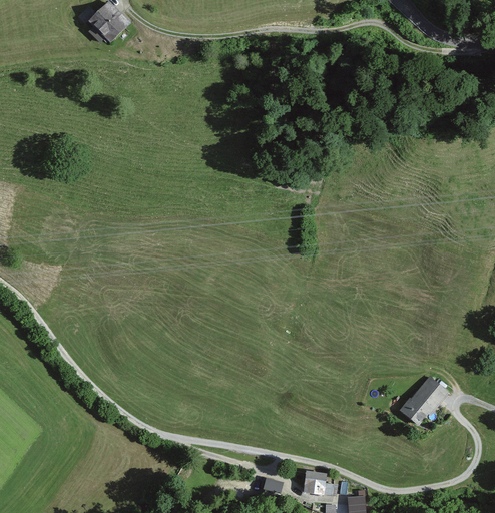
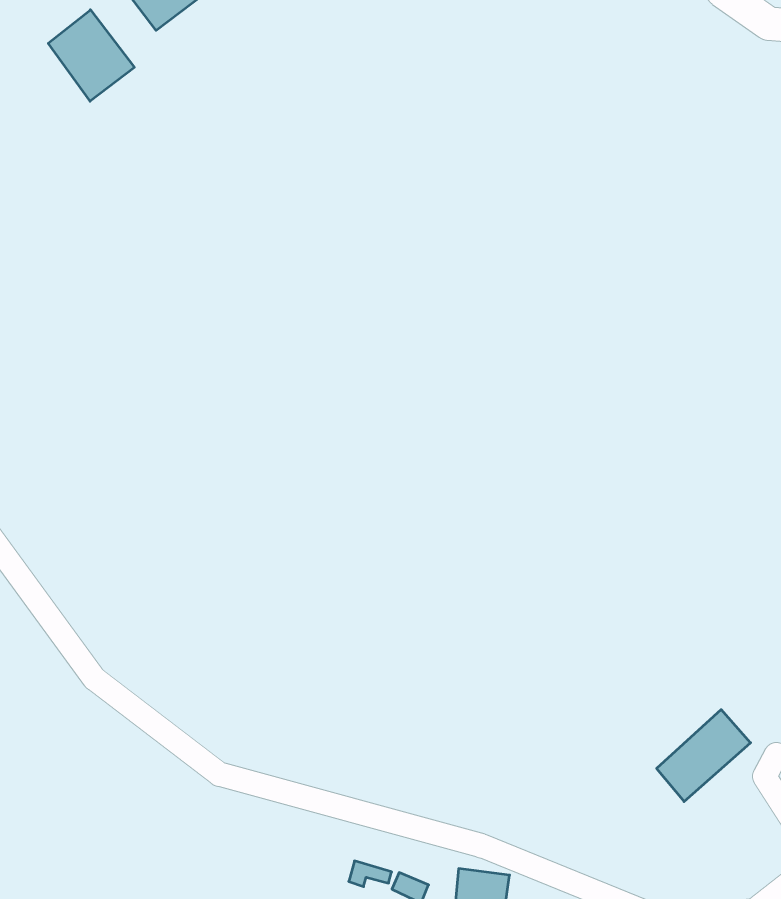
building: none -> [48,10,134,101]

